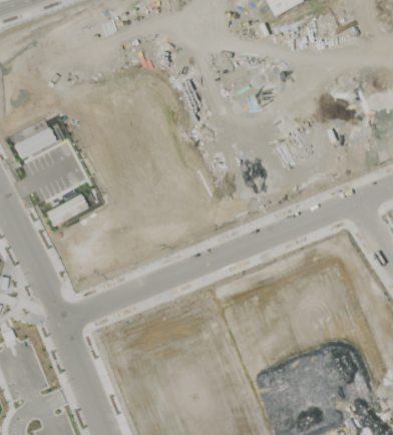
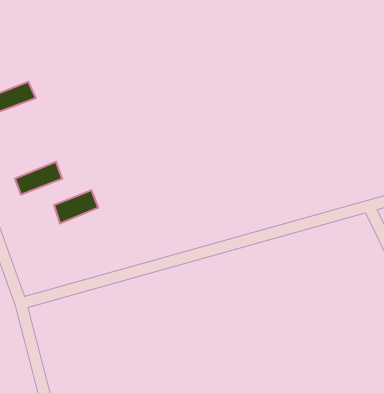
building: none -> [54,190,98,224]

